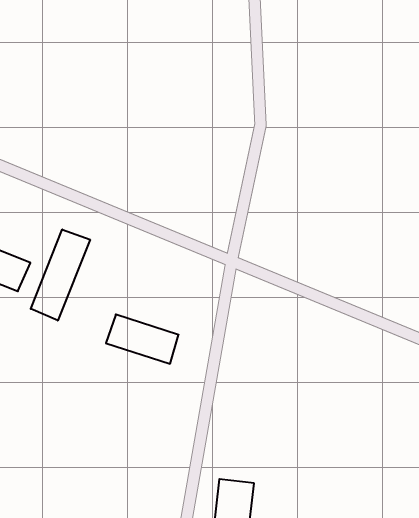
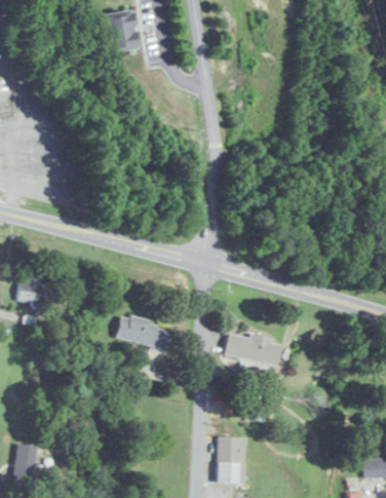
building: [31,229,90,321] -> none
building: none -> [224,332,281,367]

